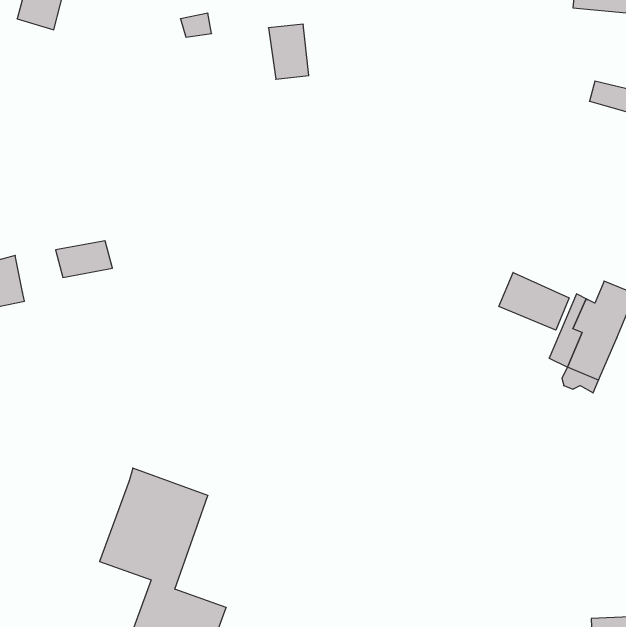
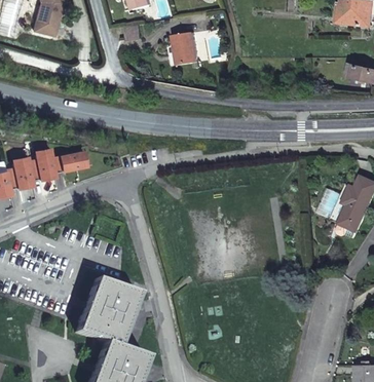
building: none -> [31,152,59,181]
building: [499,272,569,330] -> none

